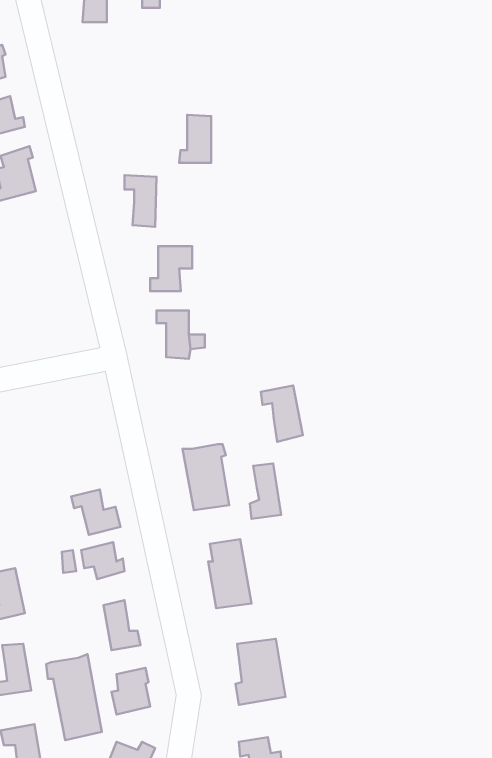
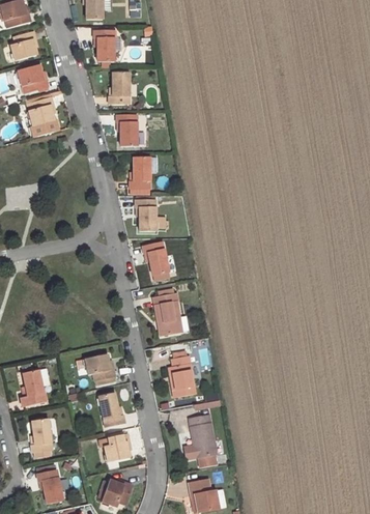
building: none -> [93,32,115,61]
building: [179,115,211,163] -> [108,74,129,105]
building: [261,385,303,442] -> [142,246,169,282]
building: [250,464,281,519] -> none
building: [71,489,121,535] -> none
building: [46,654,102,740] -> none

